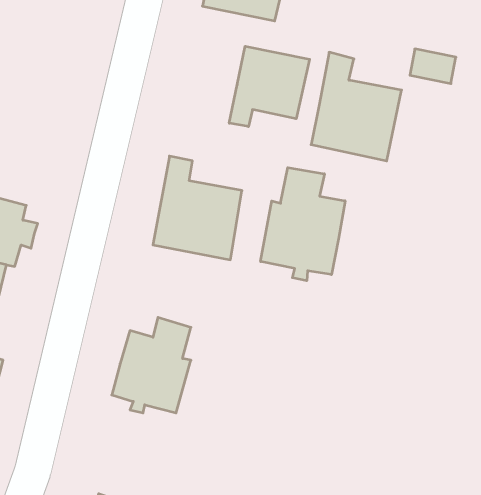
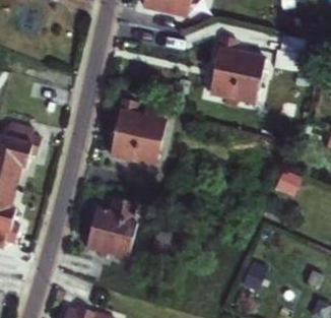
building: [229,46,310,127] -> none
building: [261,168,345,281] -> none

